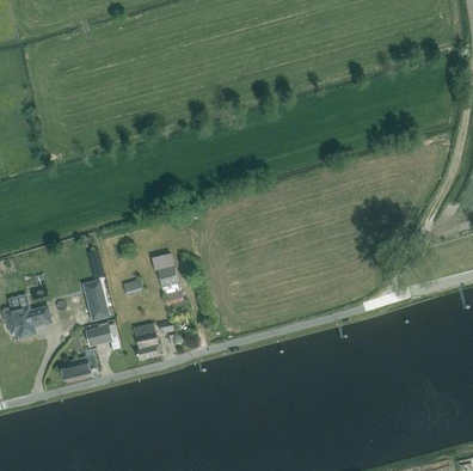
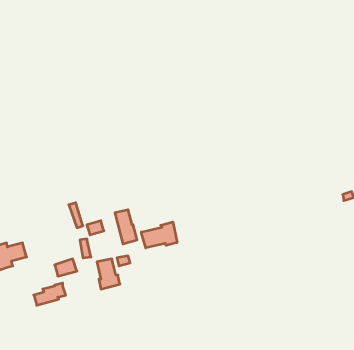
building: [82,280,108,319] -> none
building: none -> [141,222,177,248]

